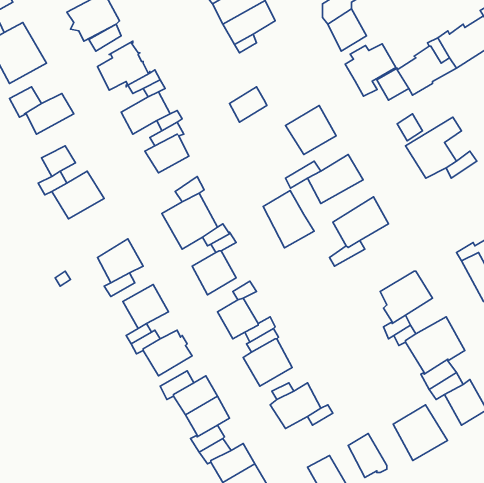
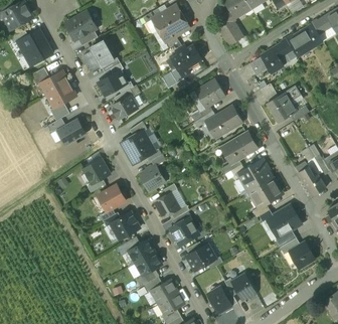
building: [345,44,396,96] -> [172,45,202,76]
building: none -> [47,84,76,108]
building: [263,191,314,248] -> none
building: none -> [238,159,272,191]
building: [393,405,447,460] -> none

